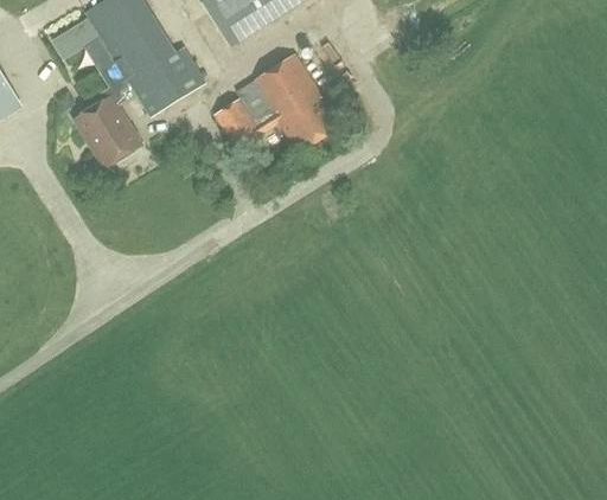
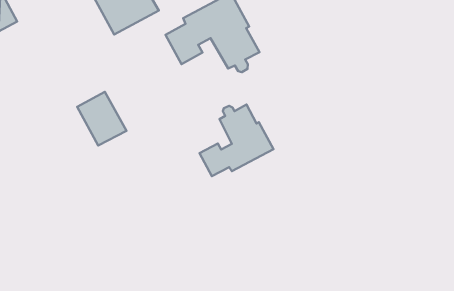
building: [76,97,141,167] -> [77,92,127,146]
building: none -> [200,104,273,176]

